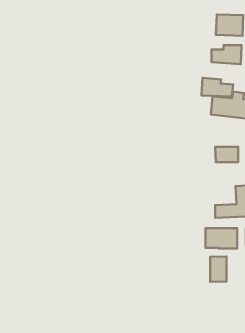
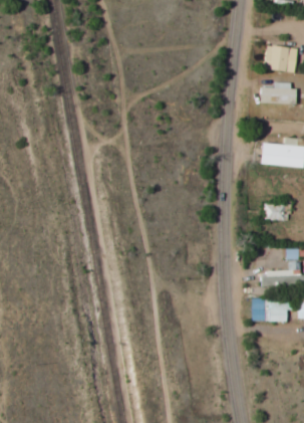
building: [202,78,233,96] -> none
building: [210,257,226,282] -> none

